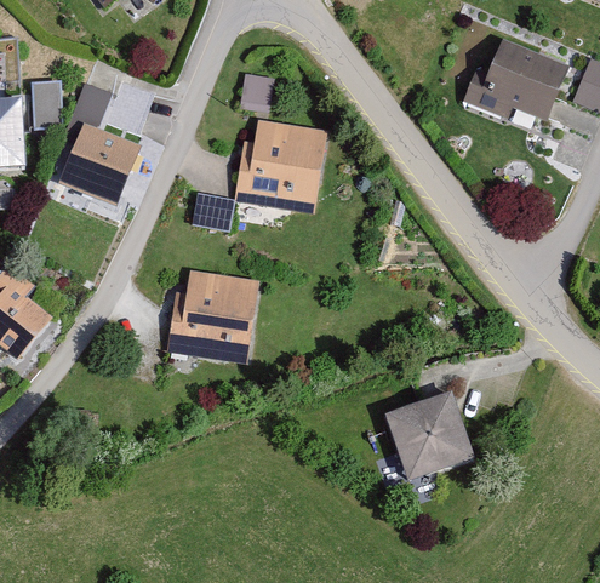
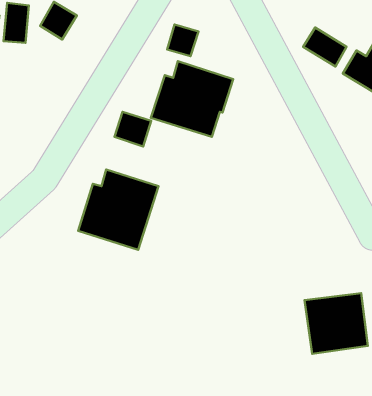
building: none -> [303,28,347,66]
building: [58,122,141,206] -> none
building: [384,391,473,478] -> [305,293,368,354]

